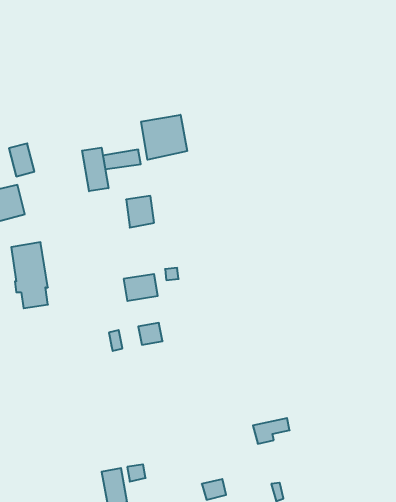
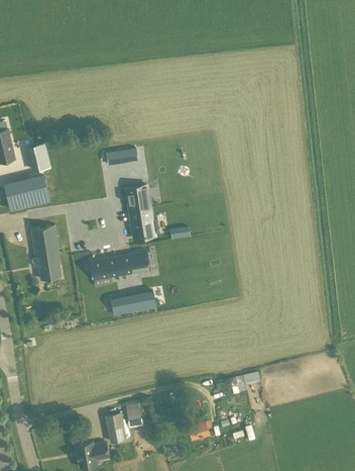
building: [141,115,187,160] -> none
building: [82,148,108,191] -> none
building: none -> [129,208,158,237]
building: none -> [93,256,121,278]

